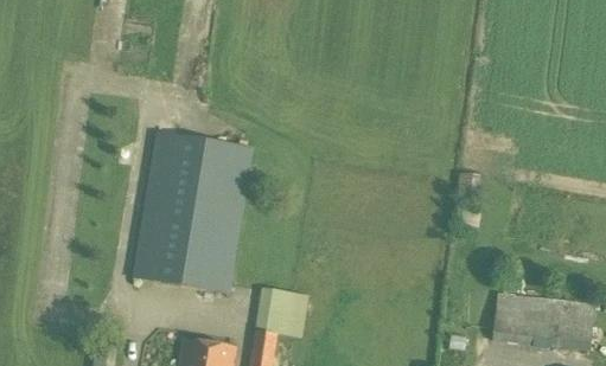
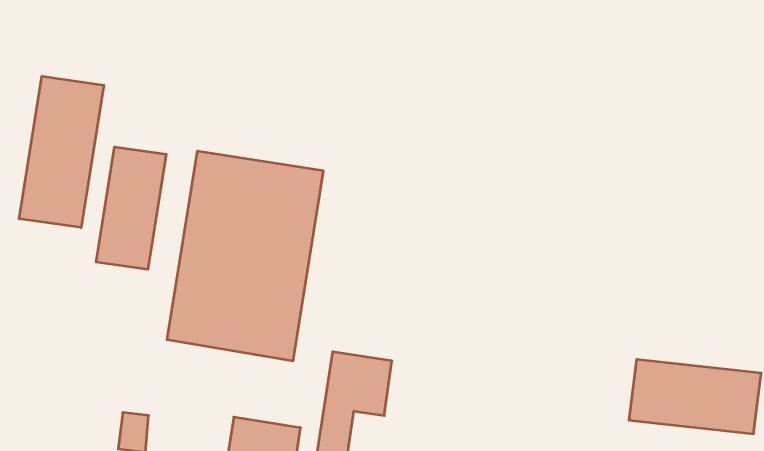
building: none -> [19,76,104,228]
building: none -> [96,147,166,269]

